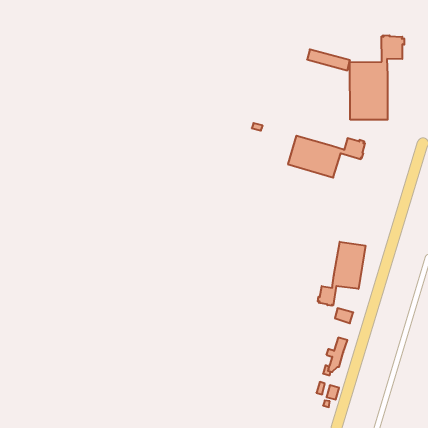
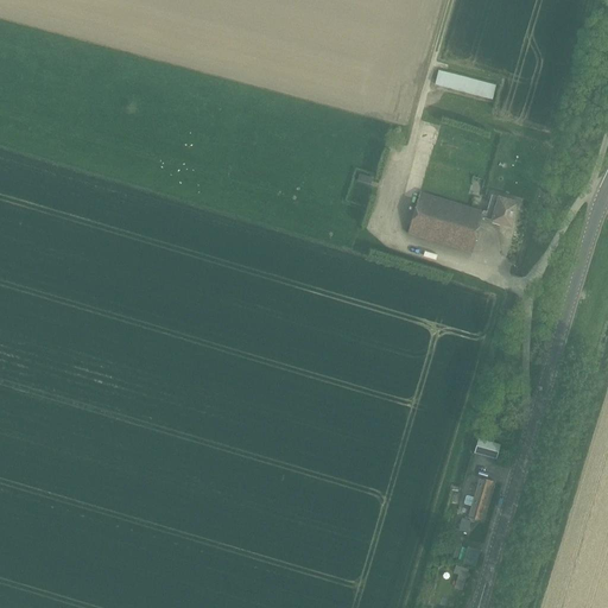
building: [350,35,404,120] -> none
building: [318,242,365,306] -> none

